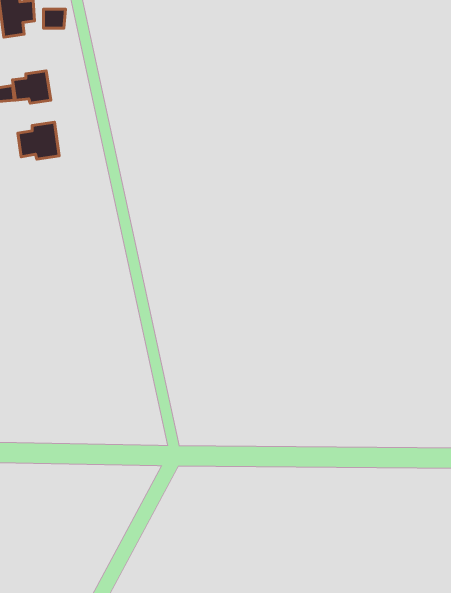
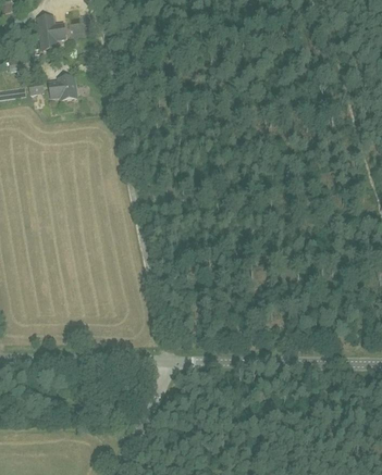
building: [18,122,59,159] -> none

